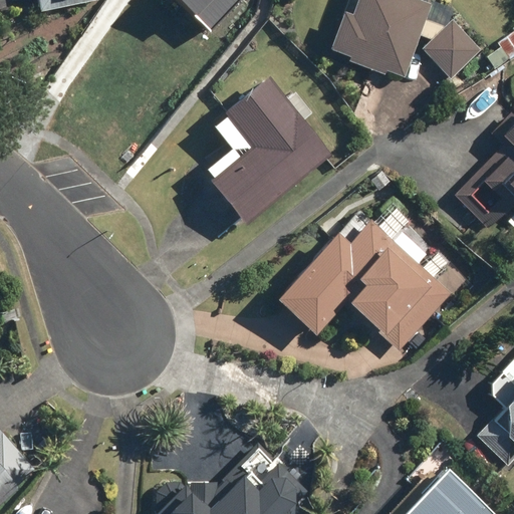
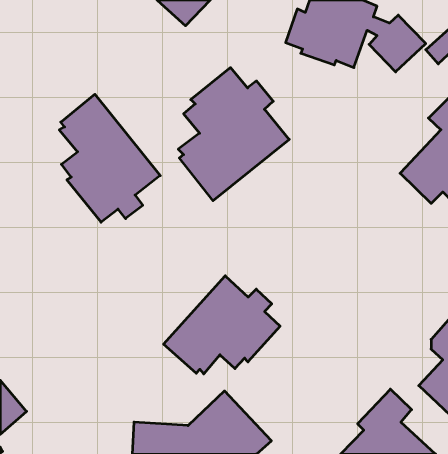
building: none -> [59,94,160,222]
building: [274,219,452,348] -> none
building: none -> [164,276,280,374]

